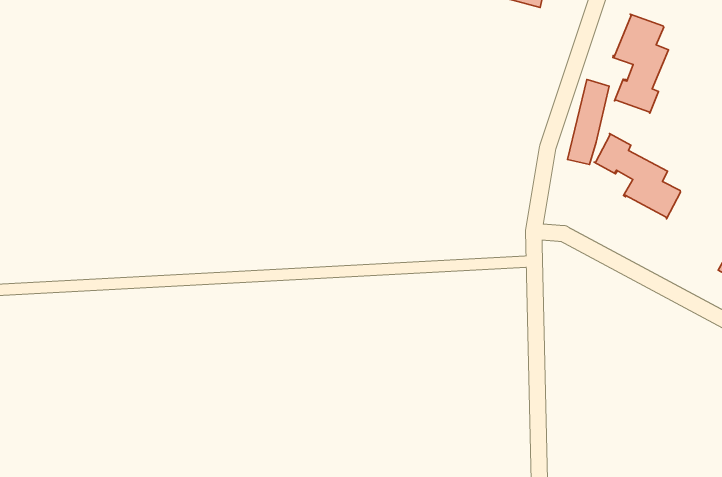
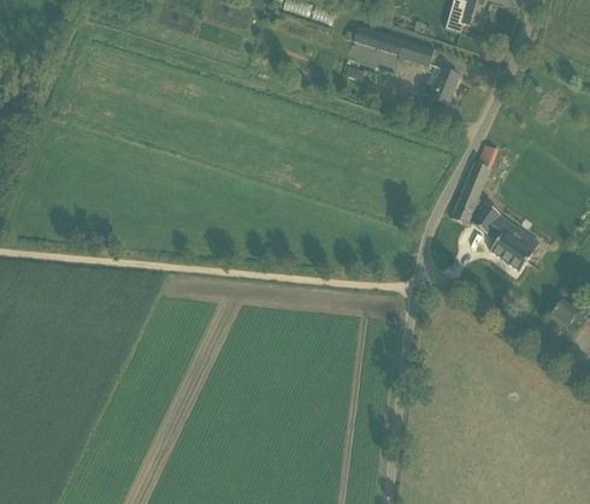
building: [613,14,669,113] -> none

